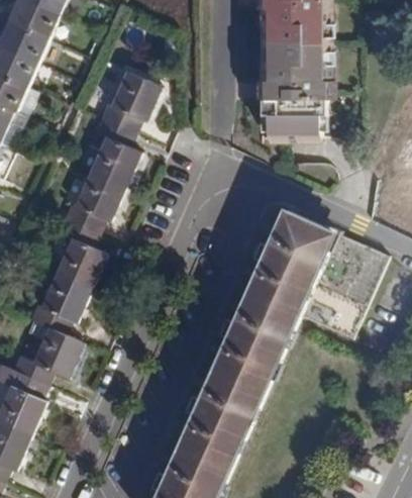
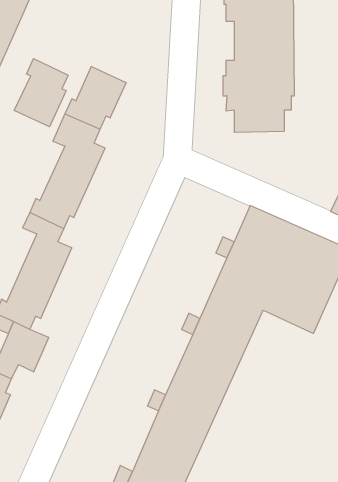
building: none -> [14,59,68,127]

